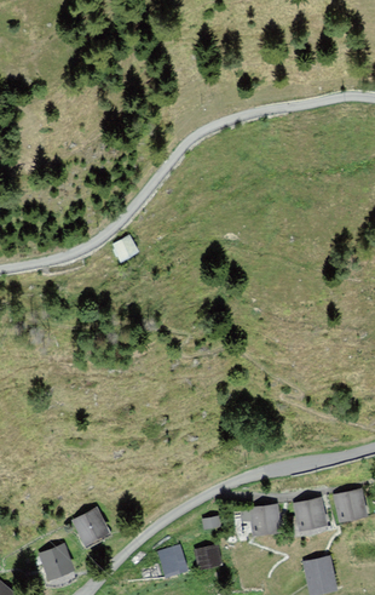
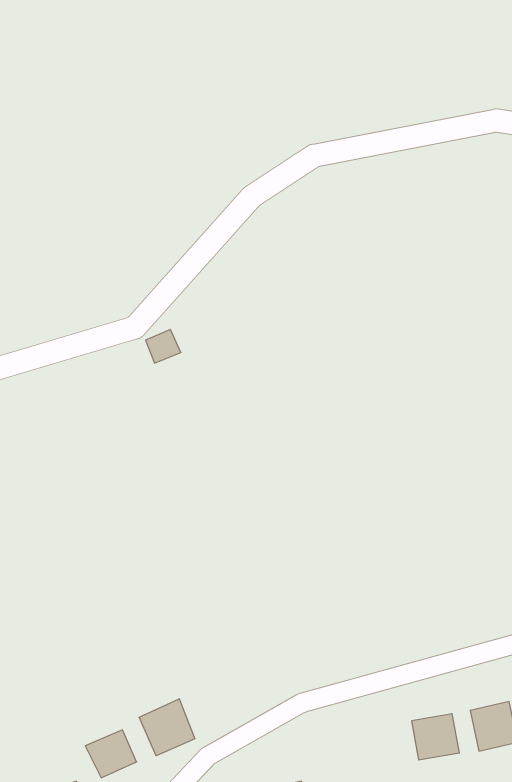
building: none -> [139,699,195,756]
building: [249,505,279,536] -> none

